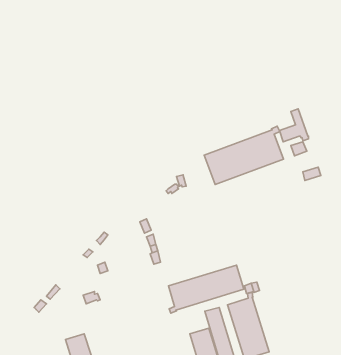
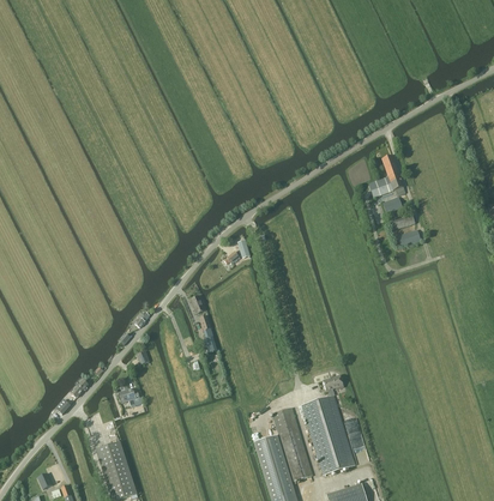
building: [204,126,283,185] -> none
building: [168,265,244,313] -> none

